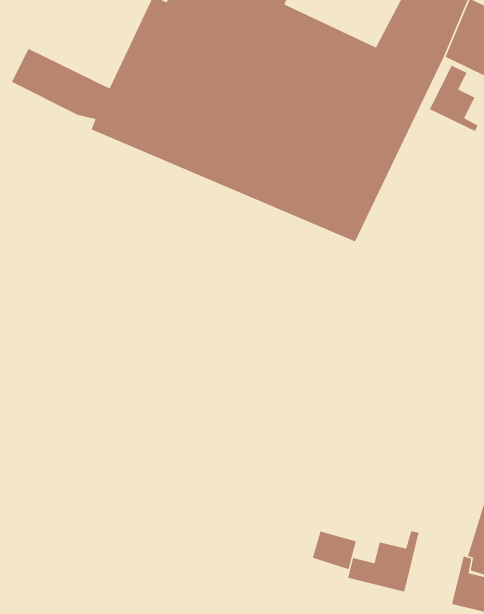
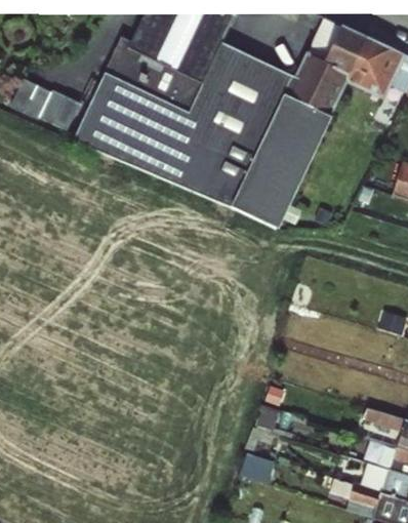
building: [429,64,479,132] -> none
building: [347,530,419,593] -> none

